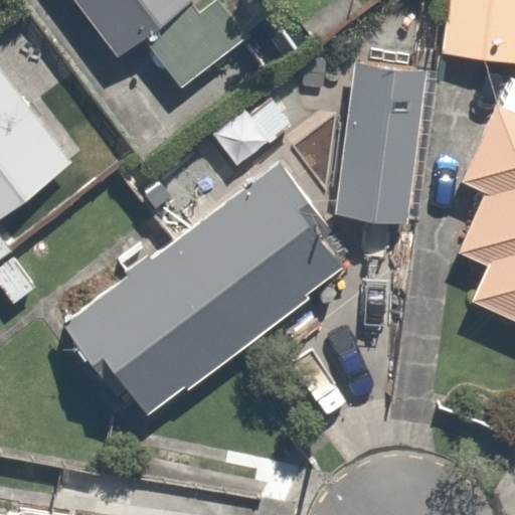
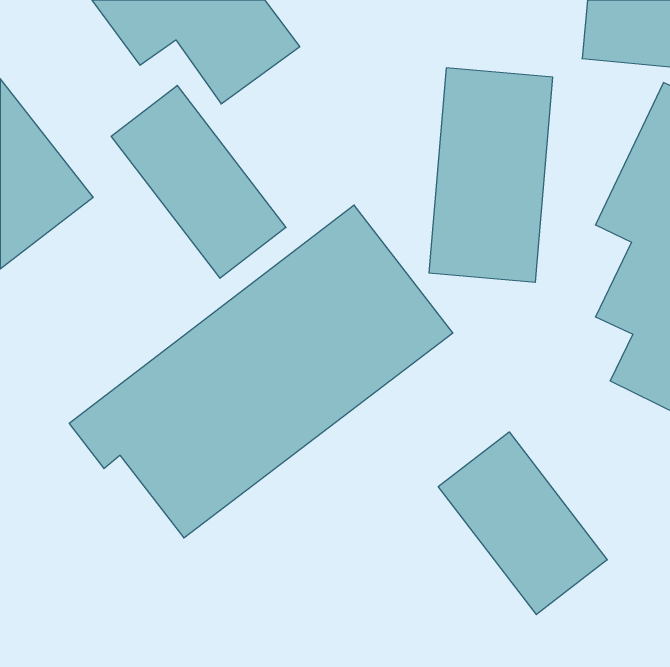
building: none -> [111,85,286,278]
building: none -> [438,432,607,615]

